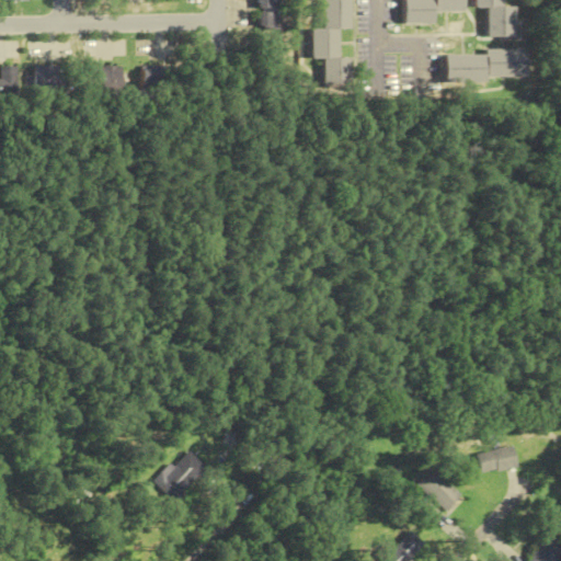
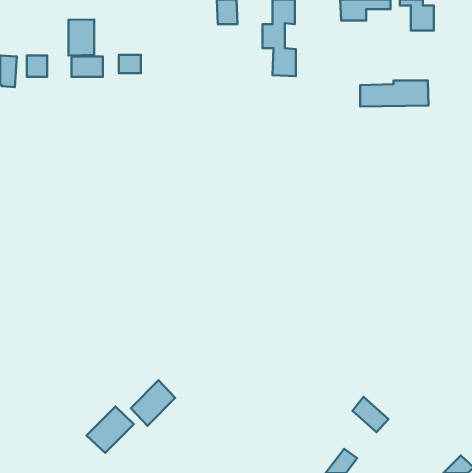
building: none -> [68,19,94,55]
building: [446,49,527,80] -> [360,80,429,106]
building: [477,446,516,473] -> none
building: none -> [87,407,134,453]

